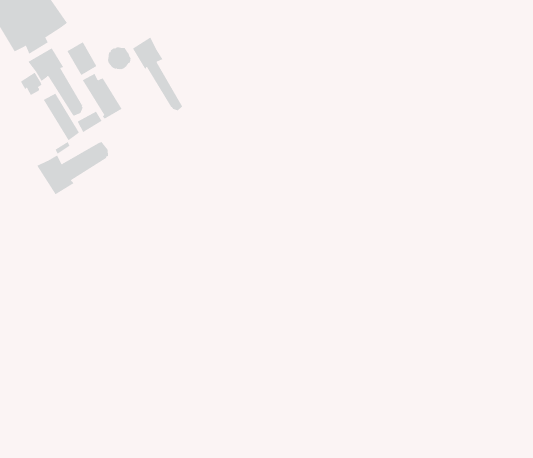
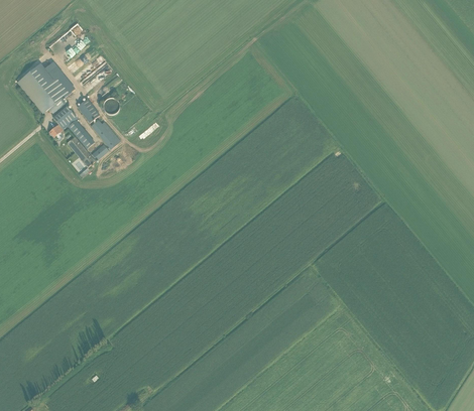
building: [132,37,183,111] -> none
building: [36,141,108,195] -> none

